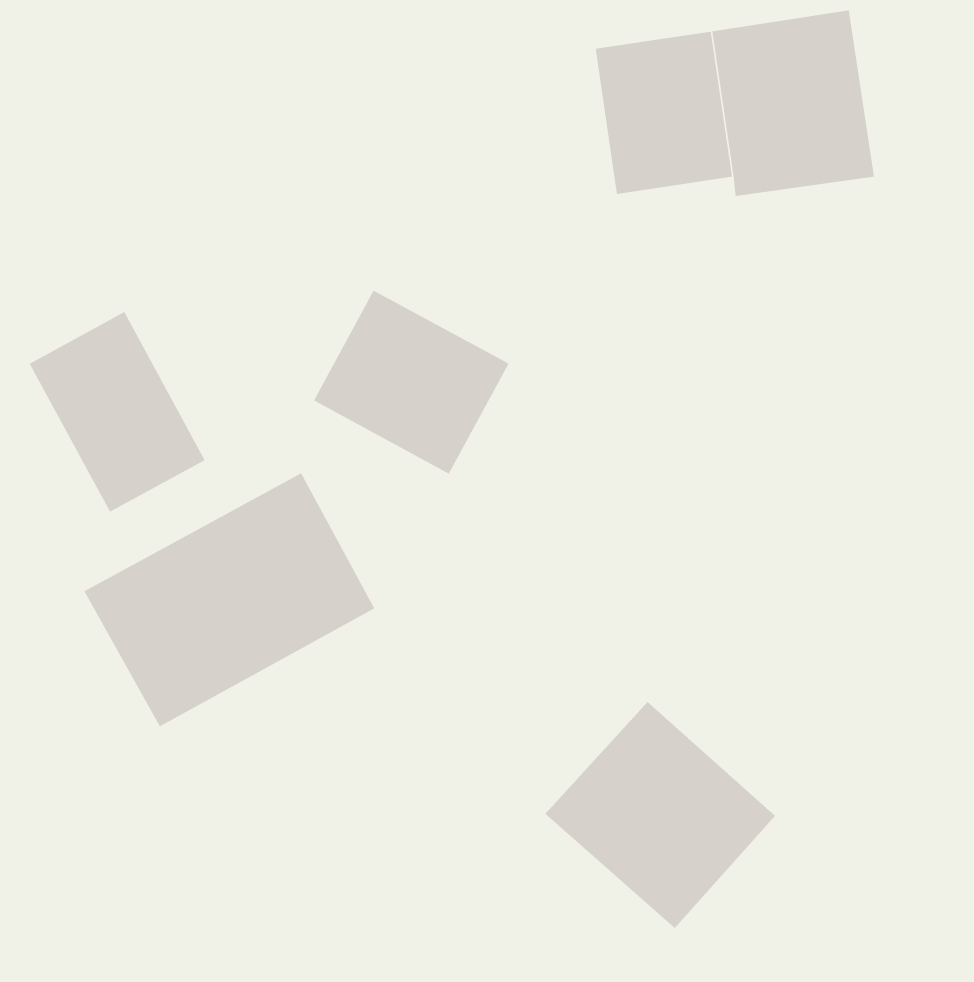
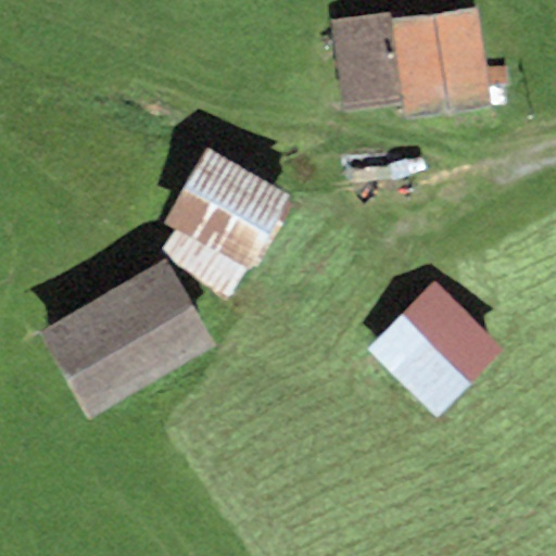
building: [29,311,206,513] -> none
building: [545,701,776,929] -> [368,283,497,410]

